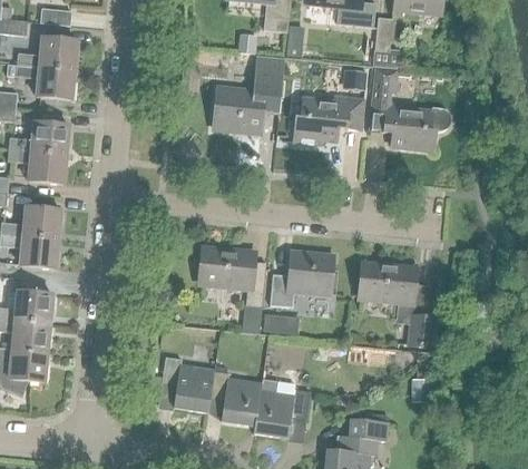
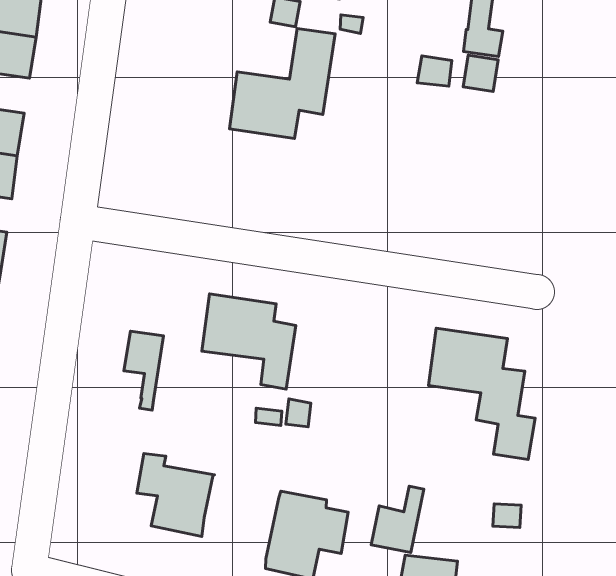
building: [292,97,363,146] -> none
building: [370,100,450,152] -> none
building: [268,252,333,307] -> none
building: none -> [124,331,164,410]
building: none -> [371,486,424,553]
building: [209,371,261,427] -> none

